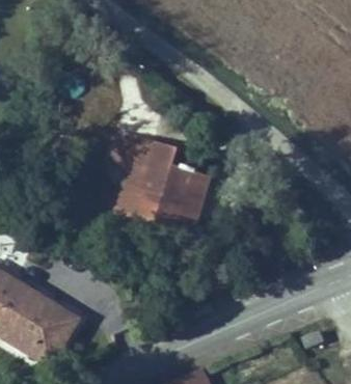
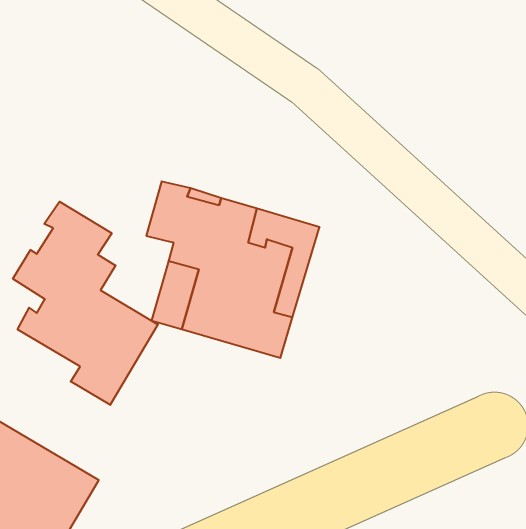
building: none -> [13,202,158,405]

